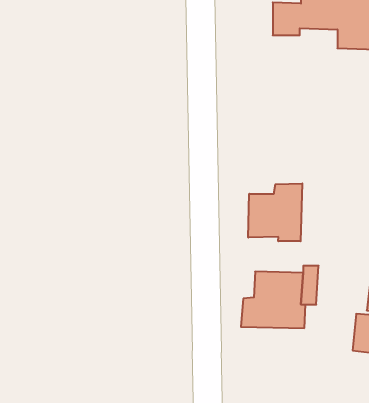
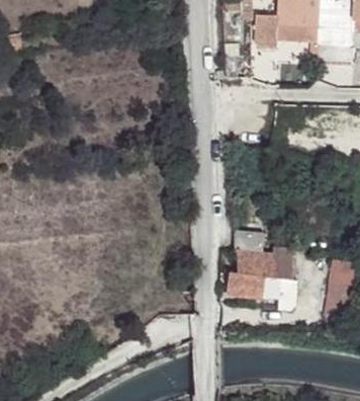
building: [248,183,302,241] -> none

